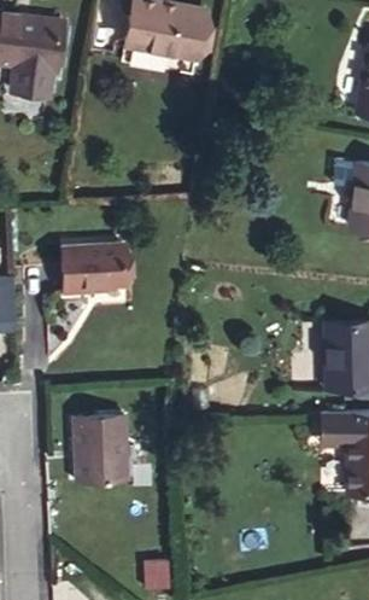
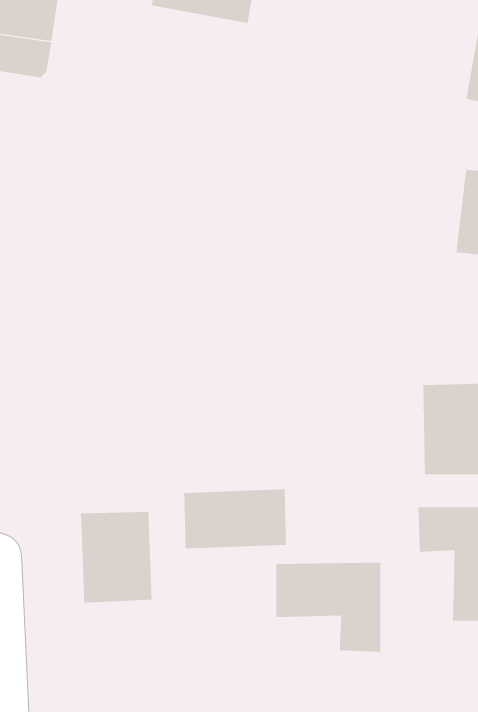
building: [63,245,125,295] -> none
building: none -> [184,489,287,549]
building: none -> [276,562,381,653]

